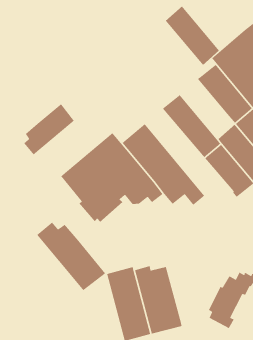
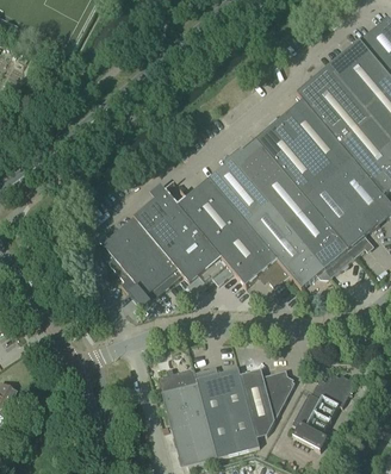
building: [165,6,220,66] -> [256,119,329,199]
building: [23,103,75,155] -> none
building: none -> [210,158,327,288]
building: [36,222,106,291] -> none
building: none -> [238,367,296,437]

